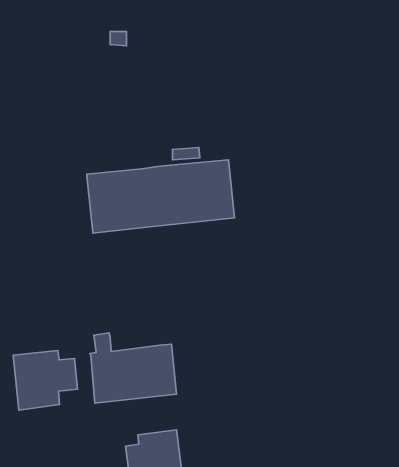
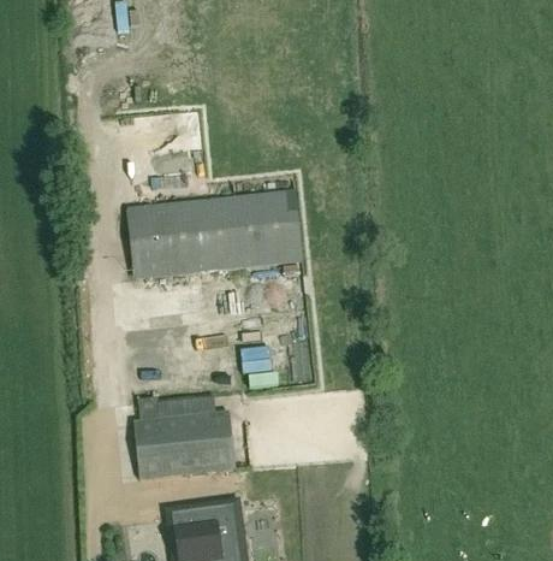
building: [13,351,77,410] -> none

